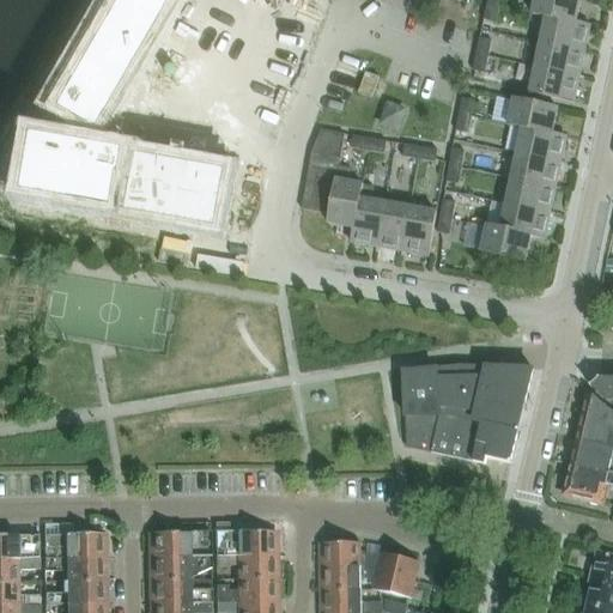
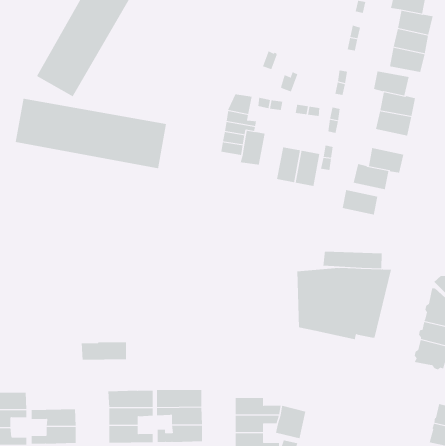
building: [505,176,554,211] -> [342,190,378,215]
building: [351,182,384,244] -> none
building: none -> [323,251,382,269]
building: [42,532,104,557] -> [81,342,127,360]

